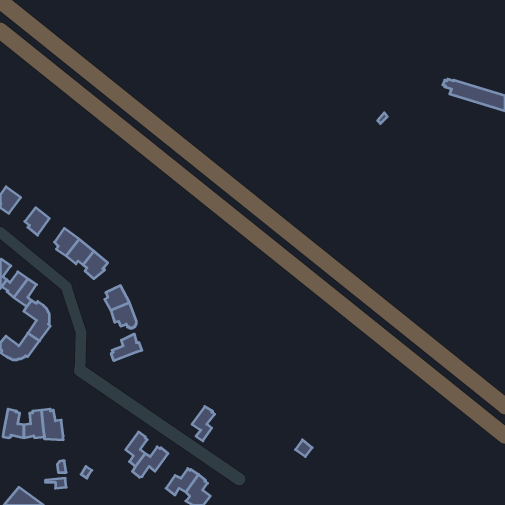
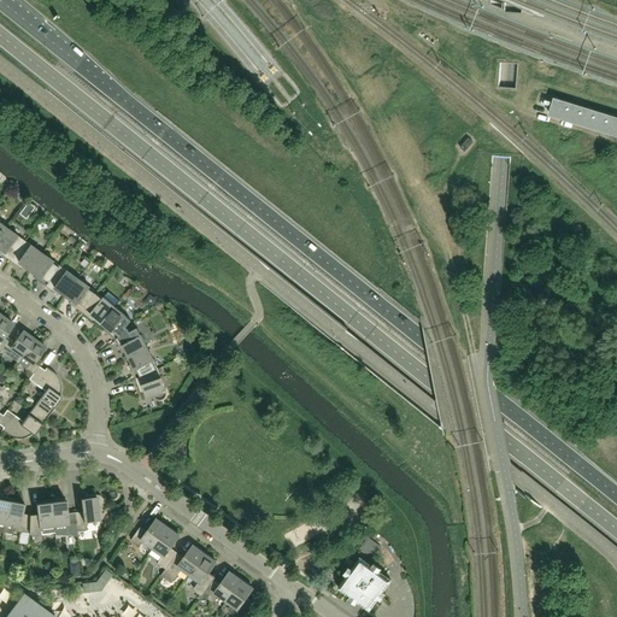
building: none -> [11,241,43,270]
building: none -> [46,266,78,295]
building: none -> [114,328,147,357]
building: [111,334,142,361] -> none
building: none -> [75,495,102,531]
building: [192,406,215,441] -> [189,553,217,595]
building: none -> [131,519,169,548]
building: none -> [337,558,390,610]

